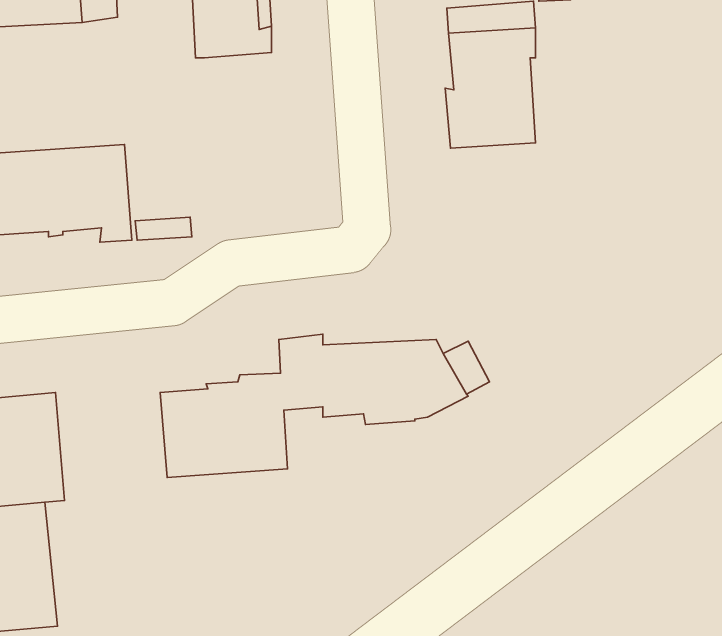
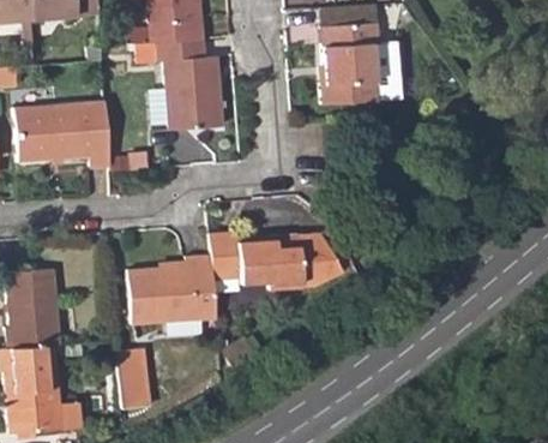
building: none -> [157,38,225,130]
building: none -> [114,357,146,415]

